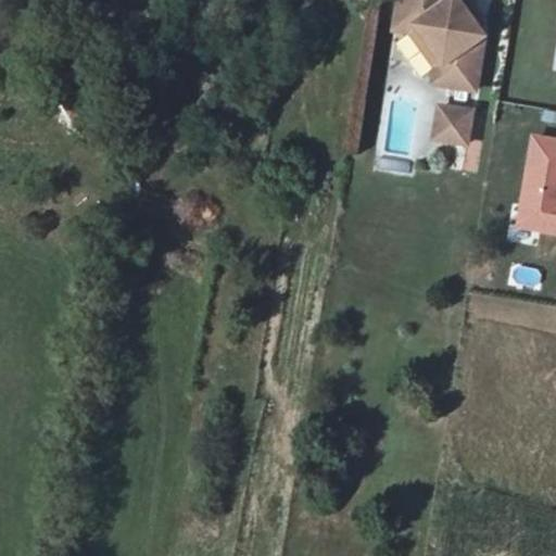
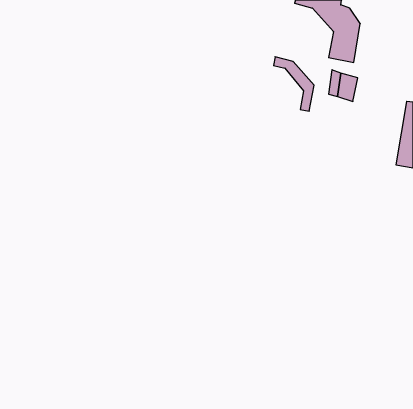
building: [392,12,446,85] -> [274,57,314,111]

